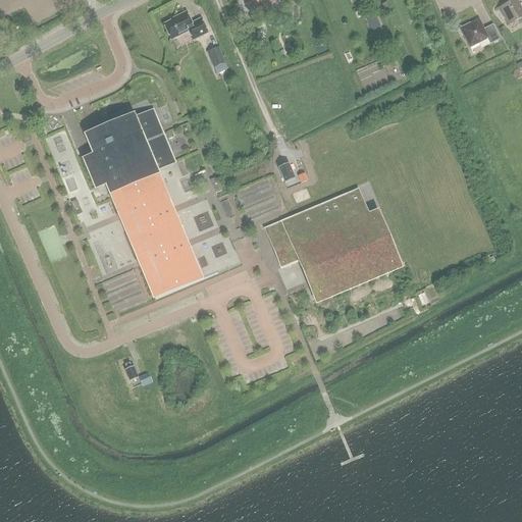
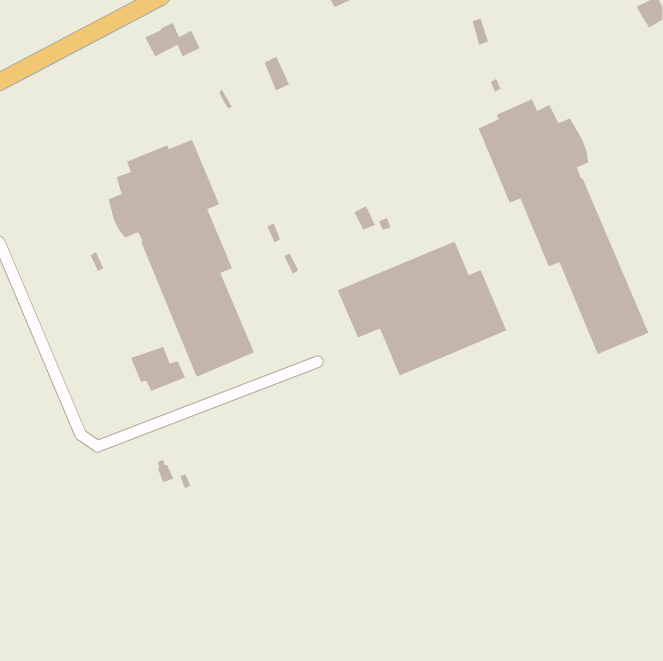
building: [164,11,208,39] -> [145,22,200,57]
building: [459,17,501,45] -> none
building: none -> [478,99,649,355]

